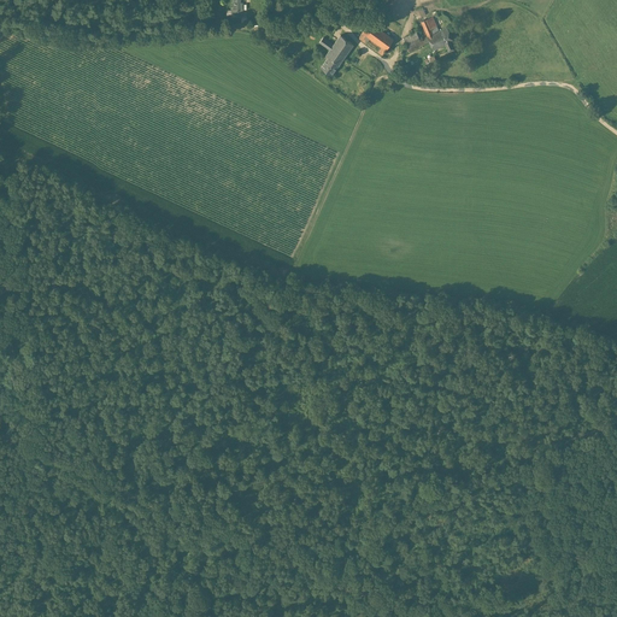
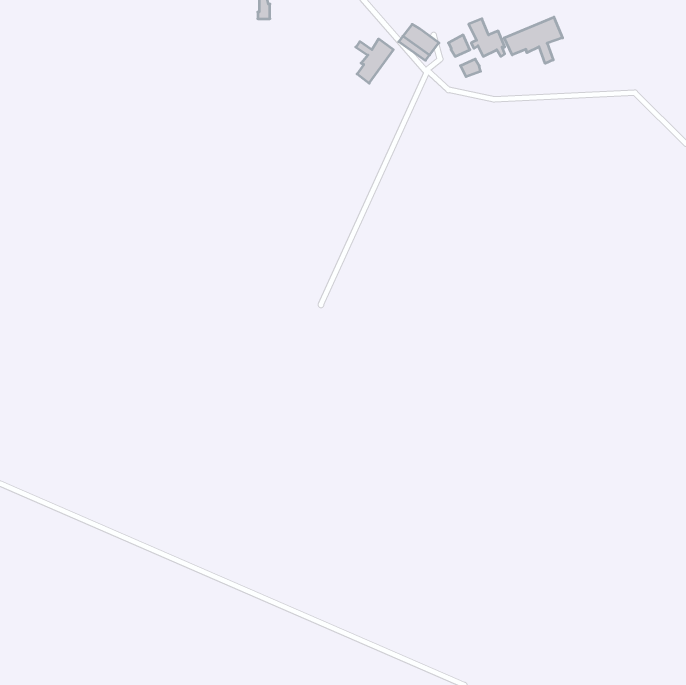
building: none -> [504,17,563,63]

